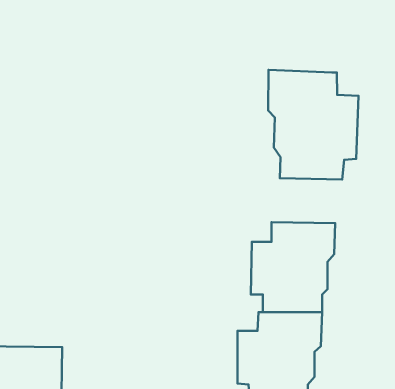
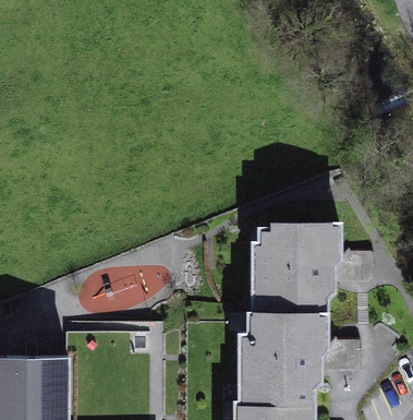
building: [268,70,358,179] -> none

